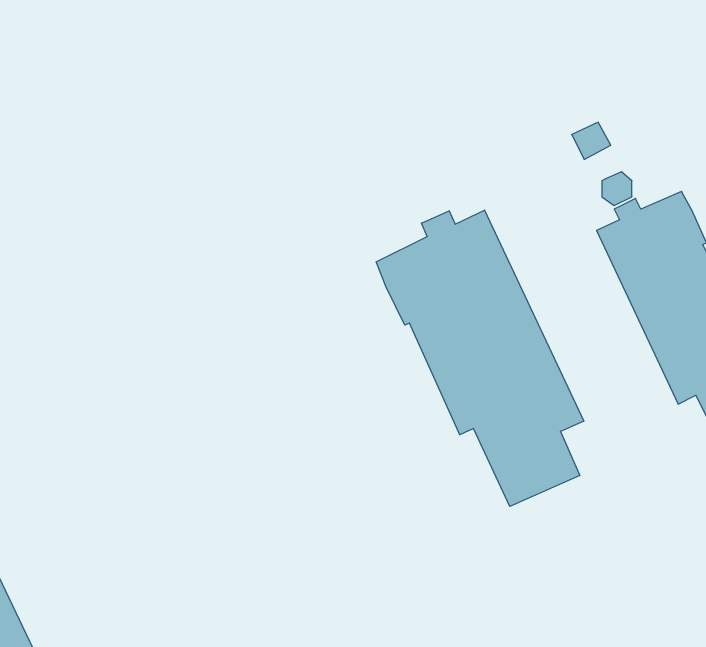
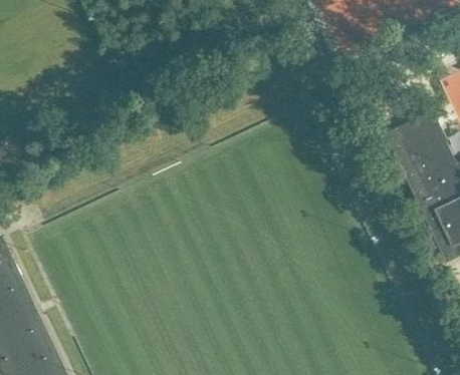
building: [376,210,584,506] -> none

